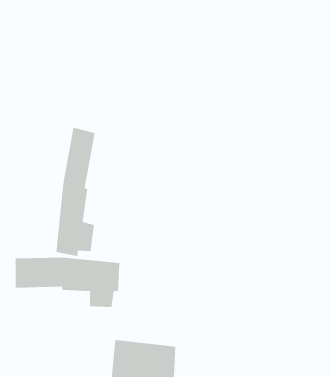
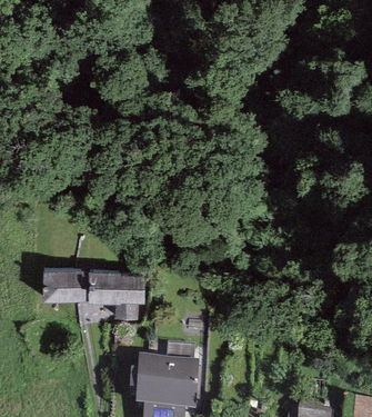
building: [56,127,95,257] -> none

